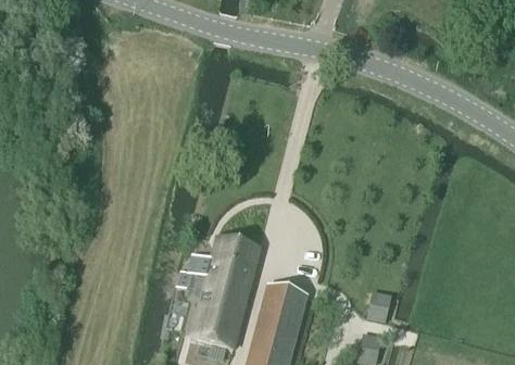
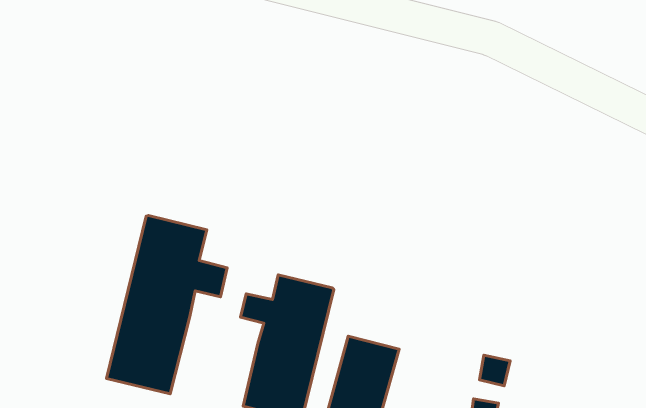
building: none -> [107,215,227,394]

